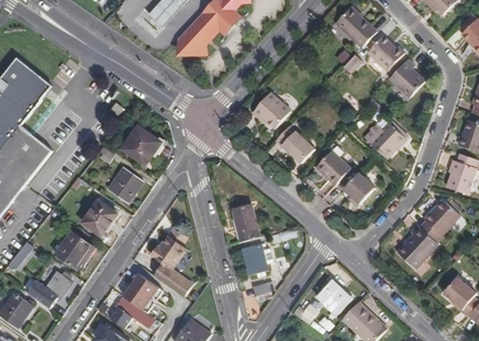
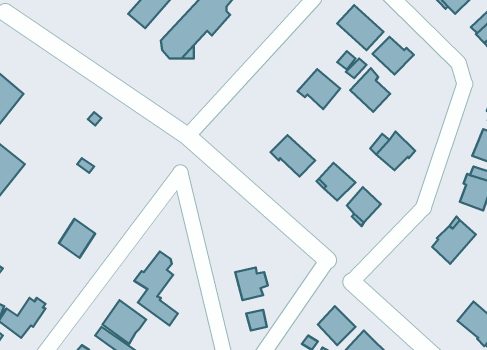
building: [389,57,425,97] -> [350,68,390,112]
building: [253,92,291,129] -> [298,69,340,109]
building: [122,126,161,165] -> none
building: [108,168,143,204] -> none
building: [232,206,260,242] -> none
building: [398,222,439,268] -> none
building: [56,231,93,268] -> none

